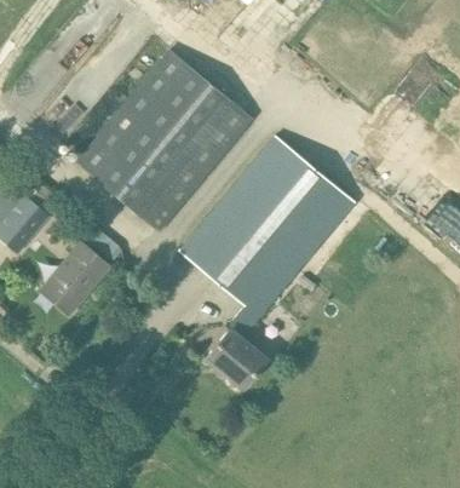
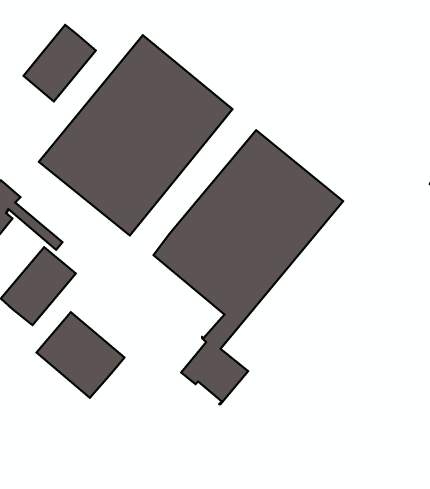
building: none -> [23,25,96,101]
building: none -> [36,312,125,398]

